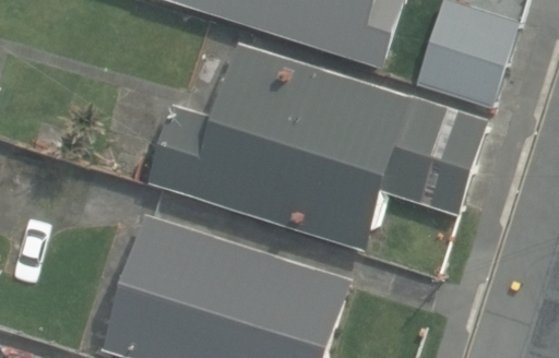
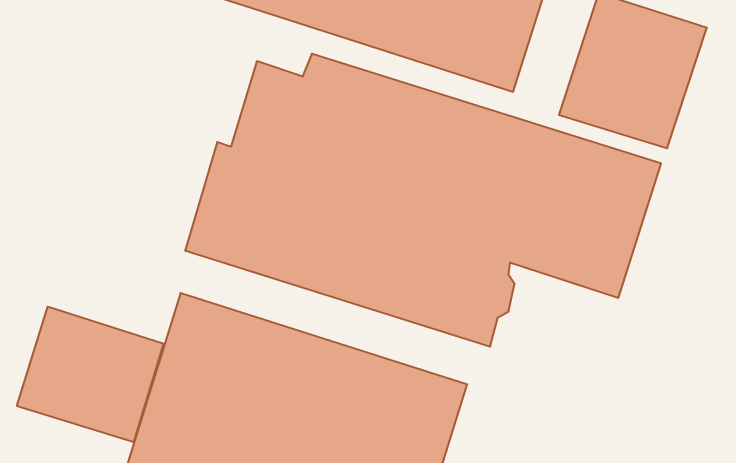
building: none -> [17,307,163,442]

